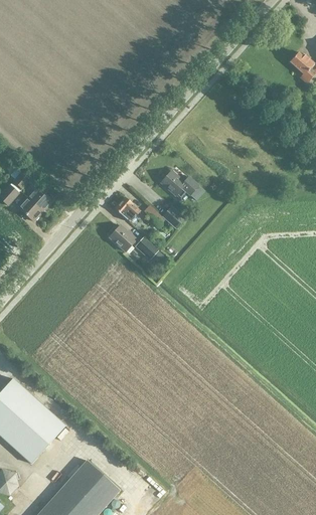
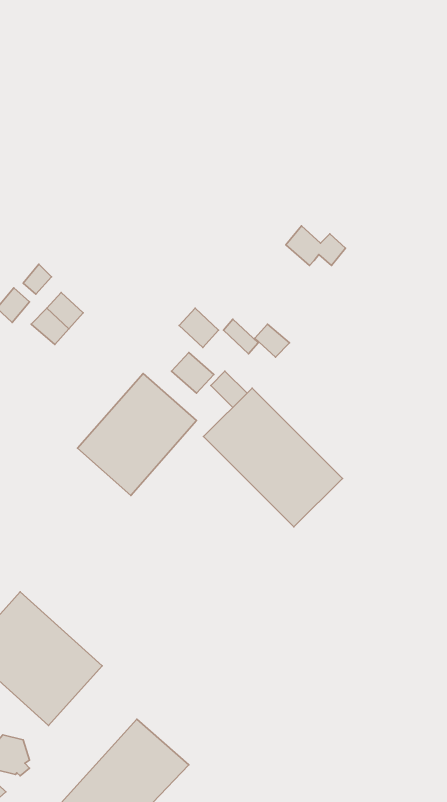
building: [161,171,199,196] -> [286,226,346,265]
building: none -> [78,373,196,495]
building: none -> [203,388,343,527]

